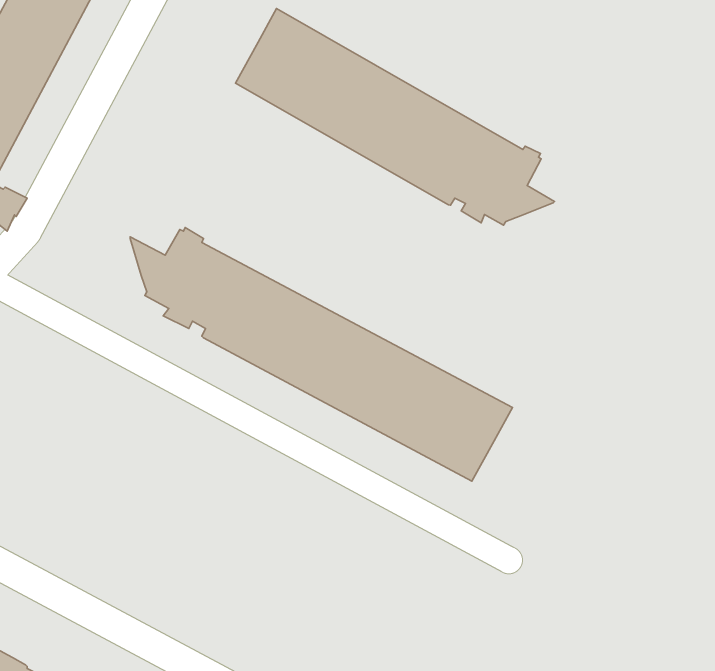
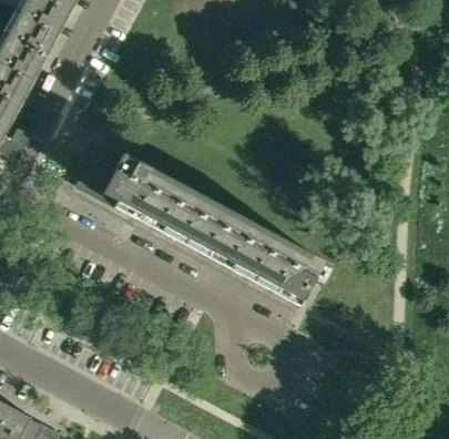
building: [235,8,555,225] -> none

